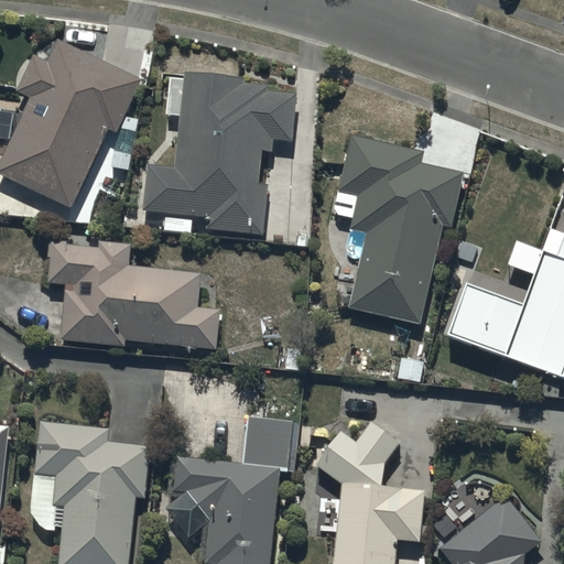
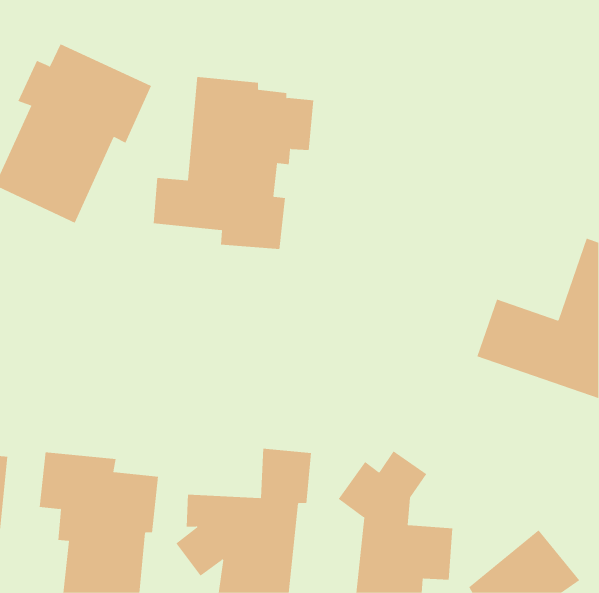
building: [333,135,463,324] -> none
building: [46,239,221,350] -> none

